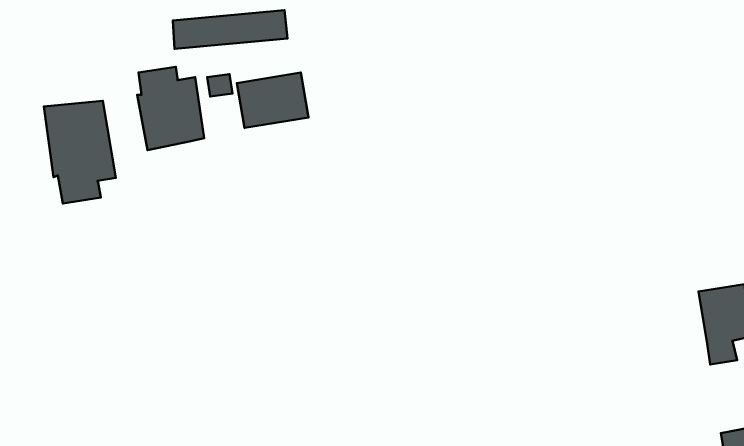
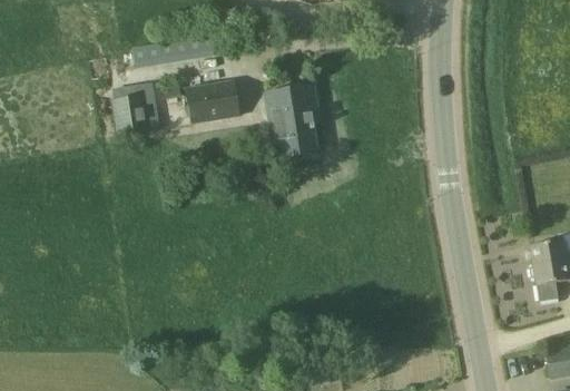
building: none -> [267,85,321,158]
building: [44,101,116,204] -> none

